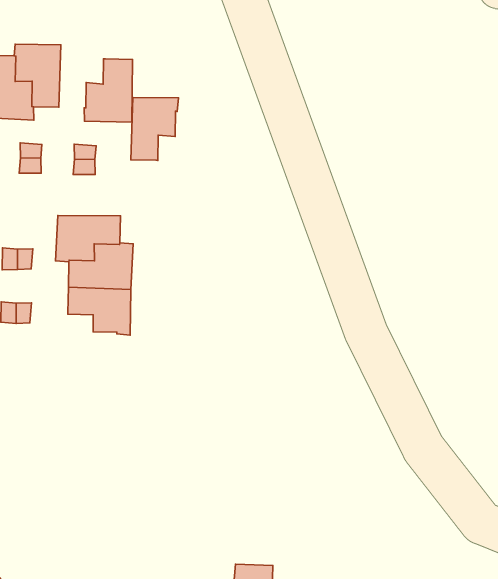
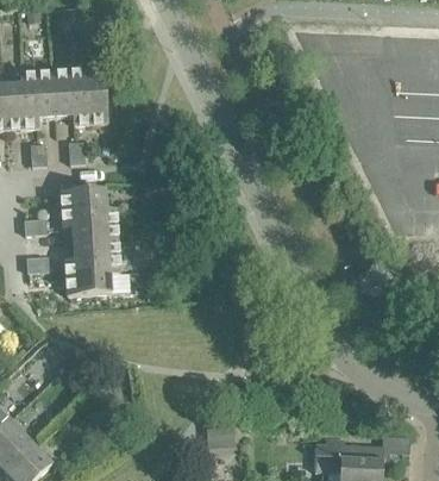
building: [131,97,178,160] -> [52,69,84,115]
building: none -> [64,260,111,293]

